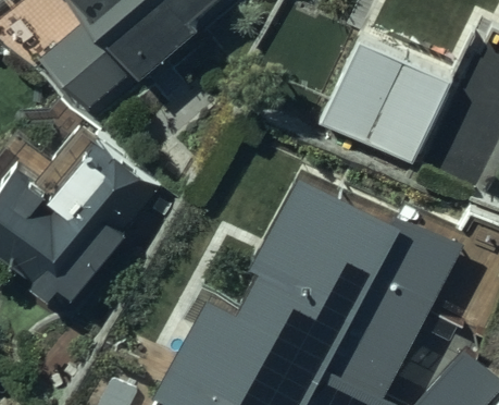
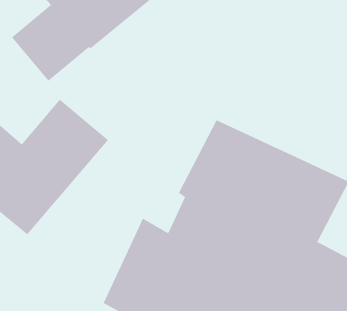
building: [320,40,451,171] -> none

